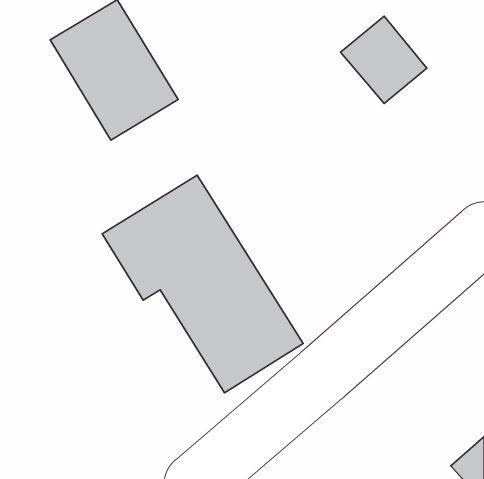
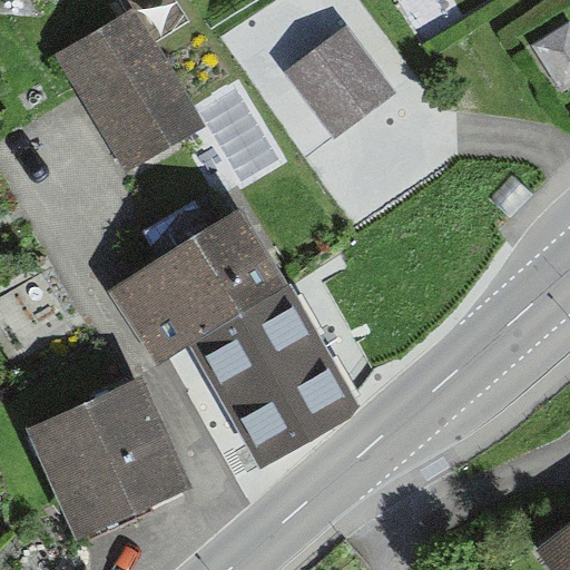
building: [341,16,427,103] -> [293,27,394,129]
building: none -> [22,381,184,544]

